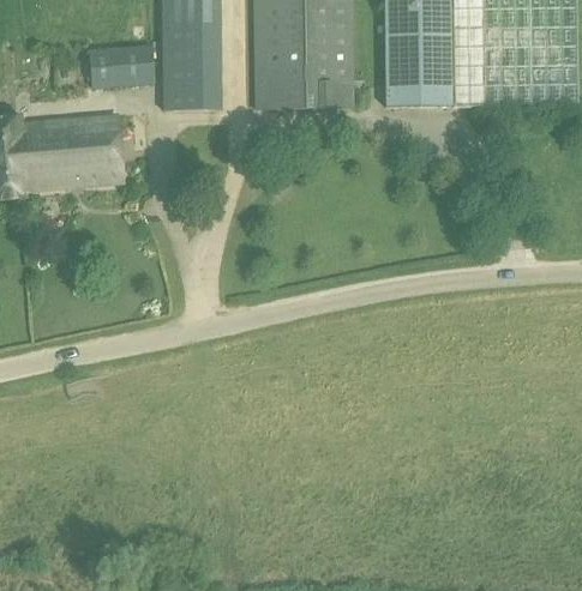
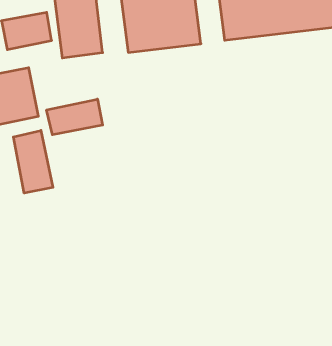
building: none -> [47,99,103,135]
building: none -> [13,130,53,193]

